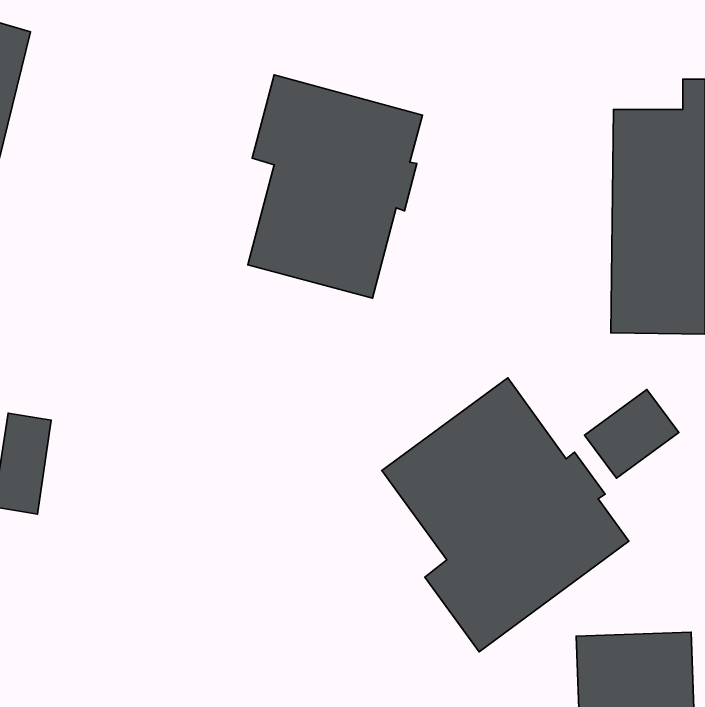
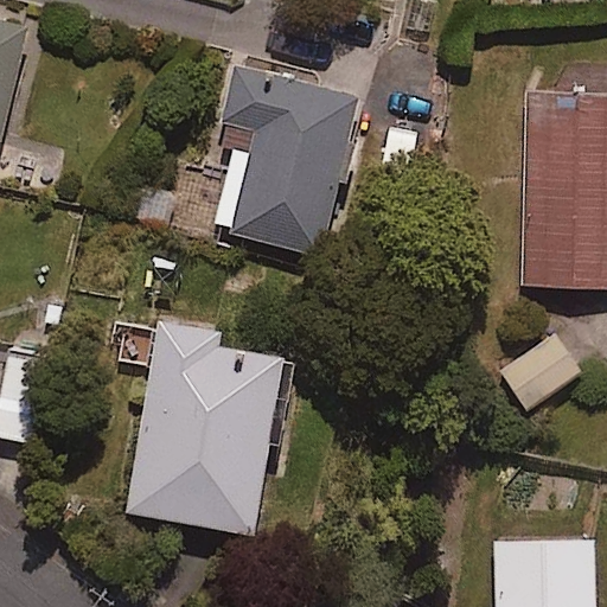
building: none -> [126,322,285,535]
building: [382,378,629,652] -> none

